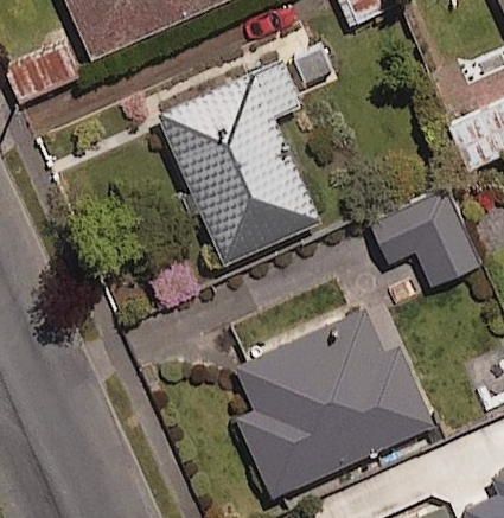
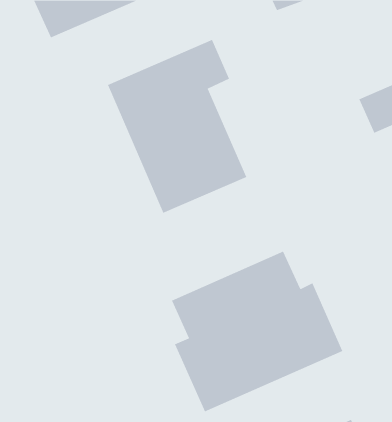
building: [371,188,481,288] -> none

